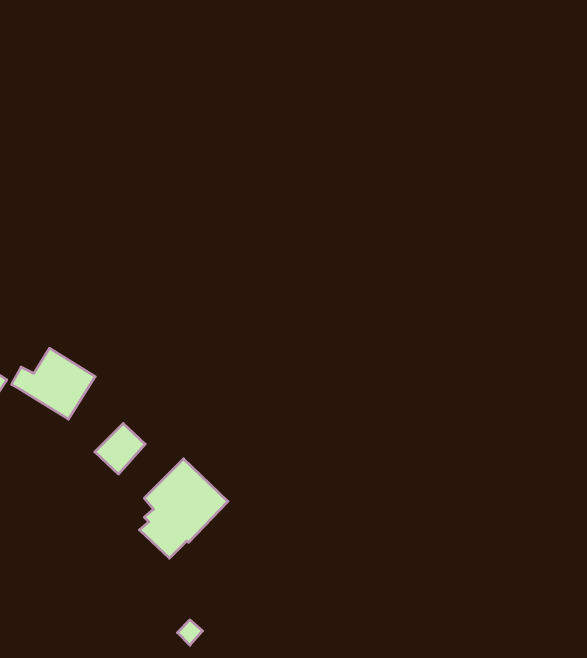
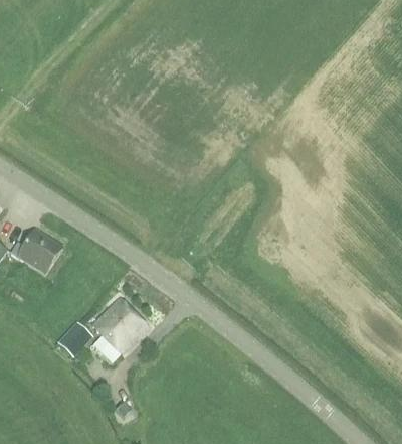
building: [95,423,145,474] -> [58,322,90,354]

